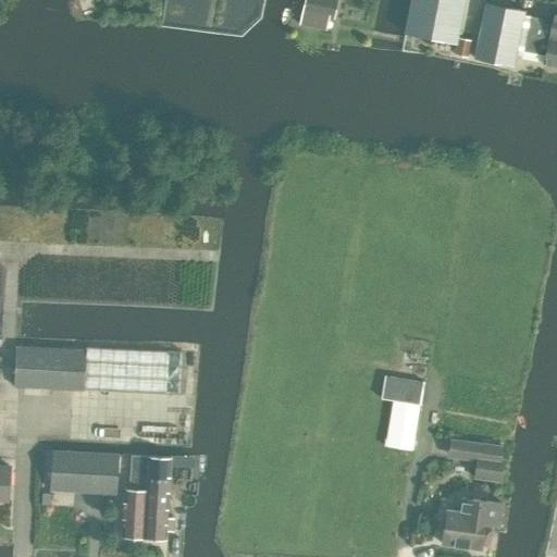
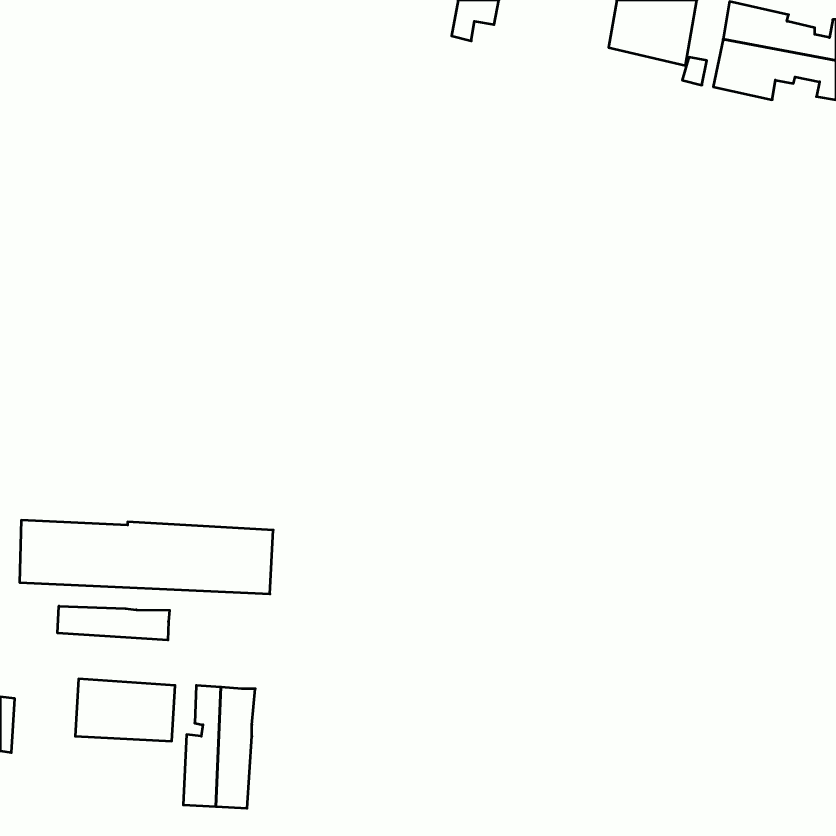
building: [382,375,423,451] -> none
building: none -> [58,606,170,640]
building: [448,438,505,481] -> none
building: [442,497,502,548] -> none

